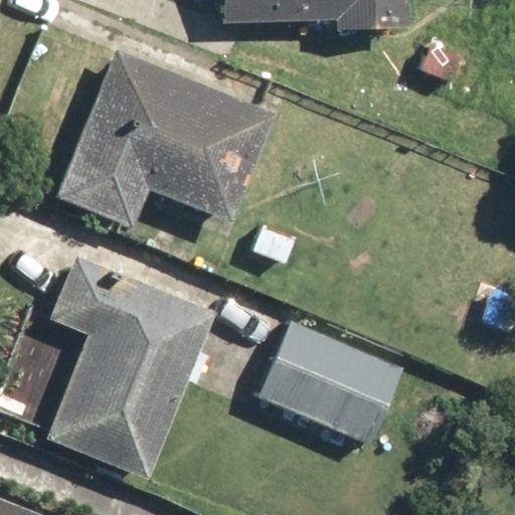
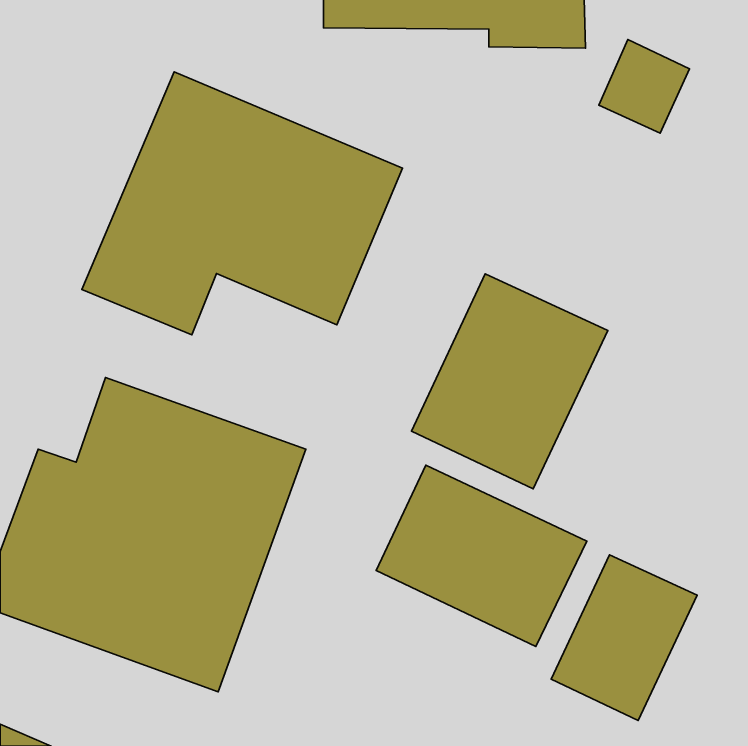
building: none -> [411,274,608,489]
building: none -> [551,555,697,720]

